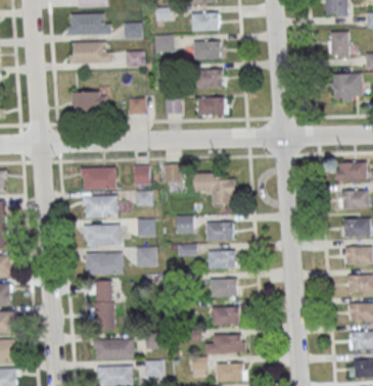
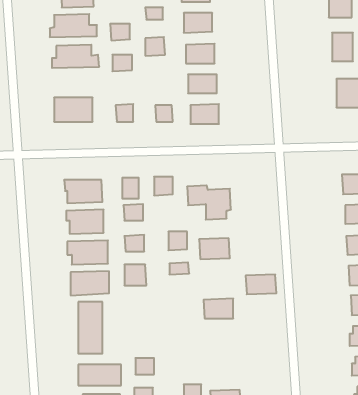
building: [207,250,236,269] -> [246,275,276,294]
building: [212,306,239,325] -> none
building: [214,334,241,352] -> none

